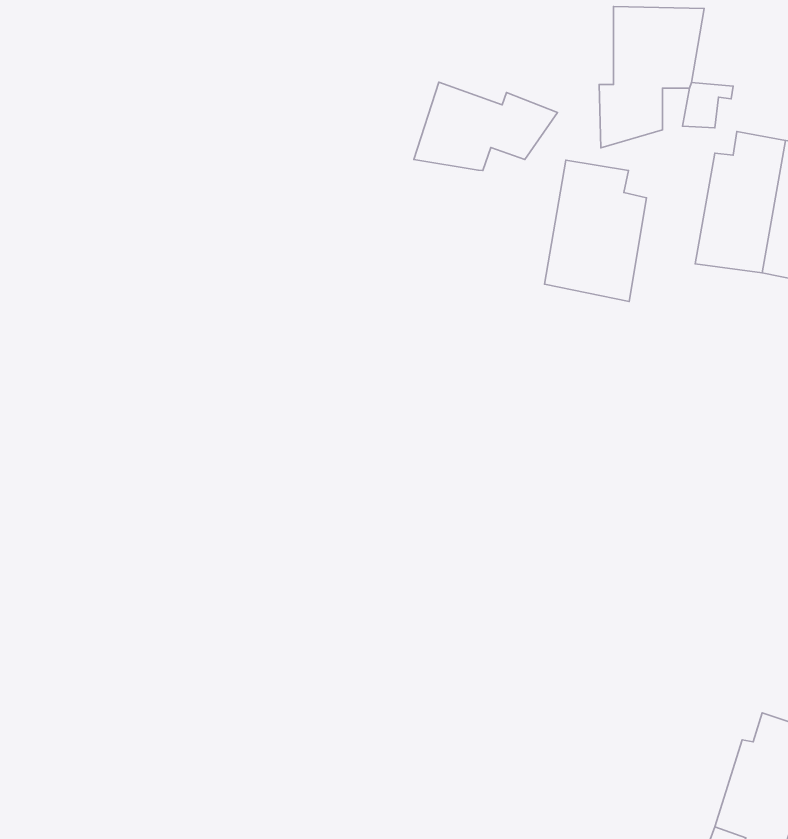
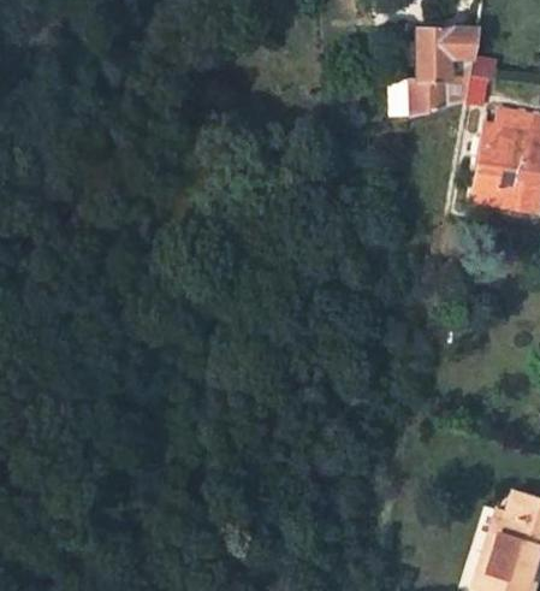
building: [414,82,558,170] -> none
building: [545,160,647,301] -> none

